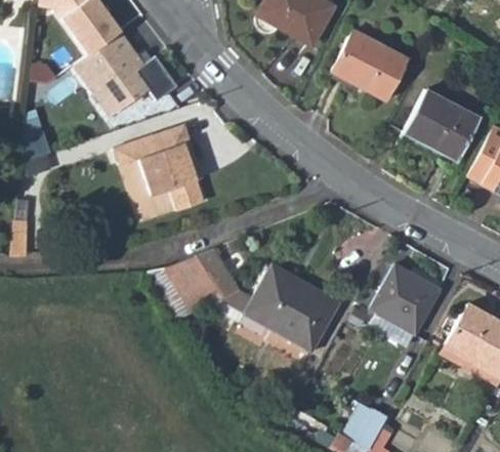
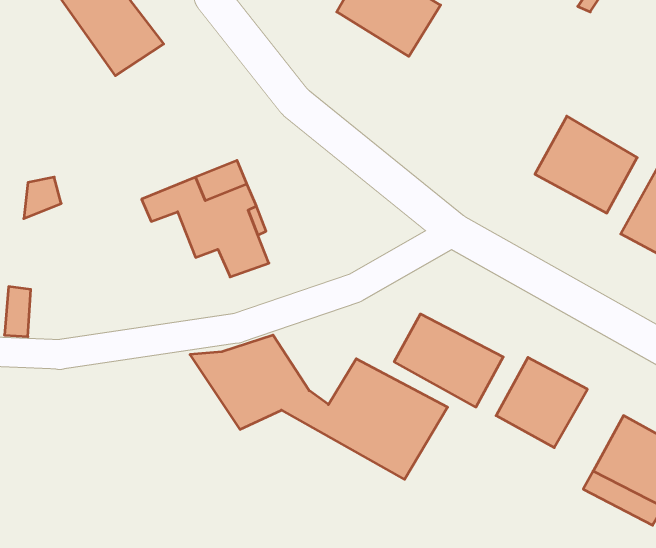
building: [332,28,408,96] -> none
building: [77,35,180,119] -> none
building: none -> [394,314,503,407]

